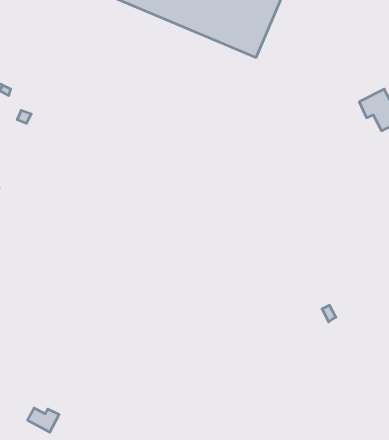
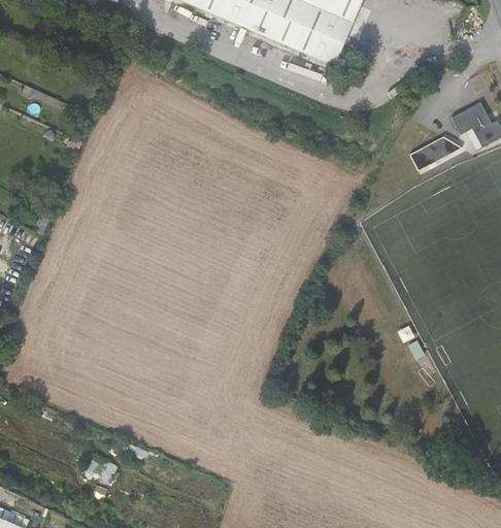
building: none -> [409,135,460,168]

